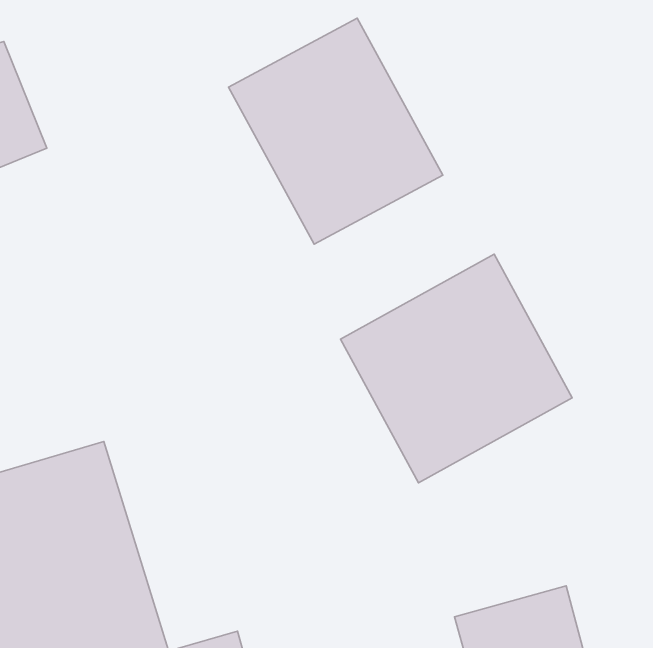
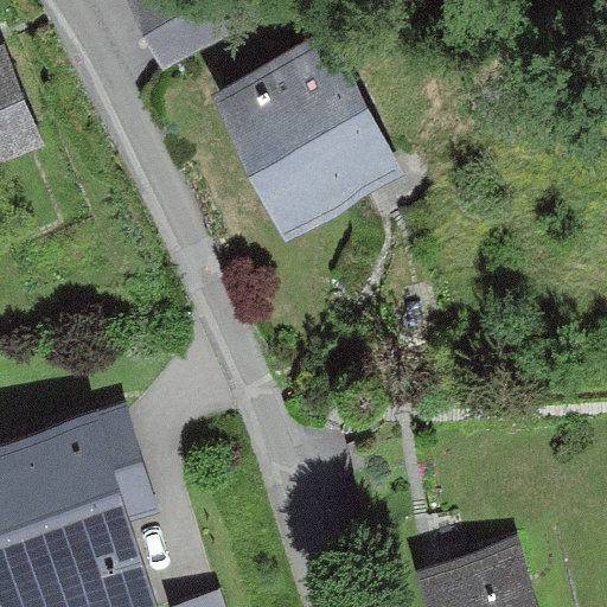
building: [340,254,572,483] -> none

